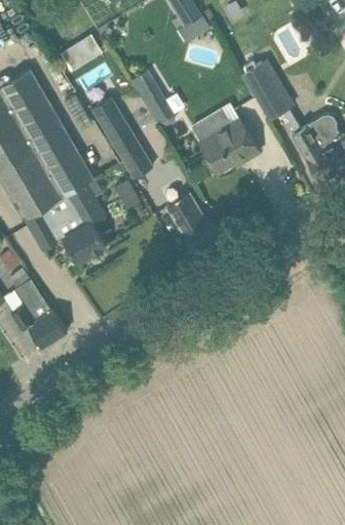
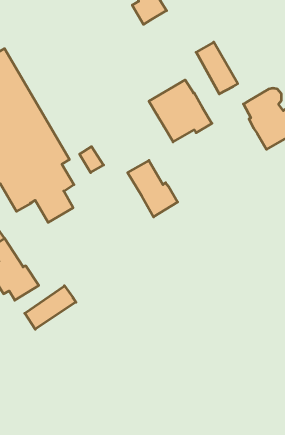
building: [60,35,100,71] -> none
building: [125,64,177,126] -> none
building: [91,97,153,178] -> none
building: none -> [25,286,76,329]

